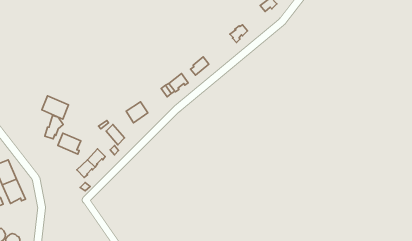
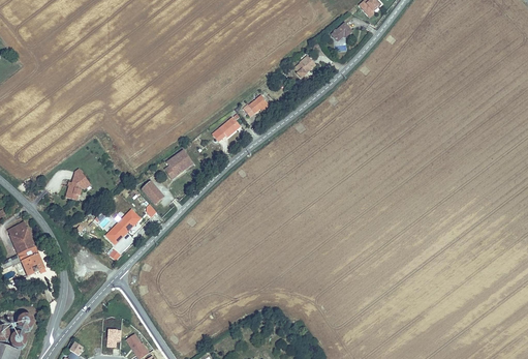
building: [42,96,69,119] -> none
building: [58,133,81,154] -> none

